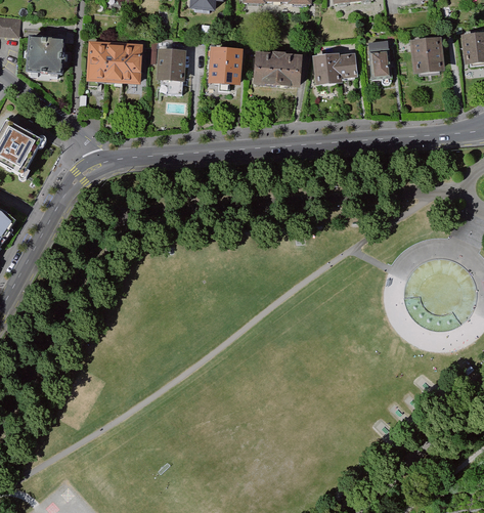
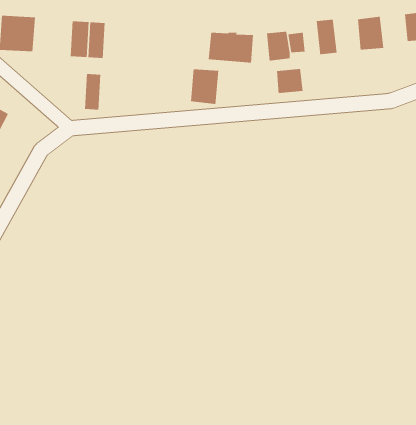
building: [85,41,103,81] -> [84,73,101,110]
building: [156,48,184,82] -> none
building: [209,48,240,87] -> [190,69,219,104]
building: none -> [277,68,303,94]

